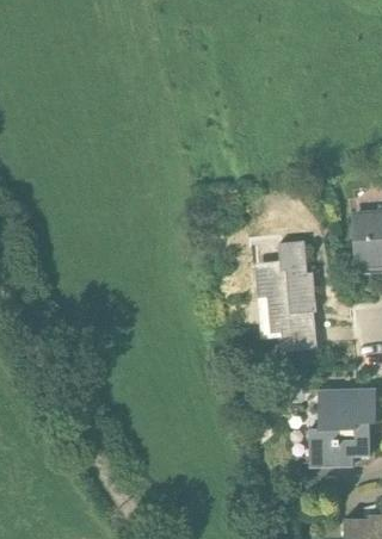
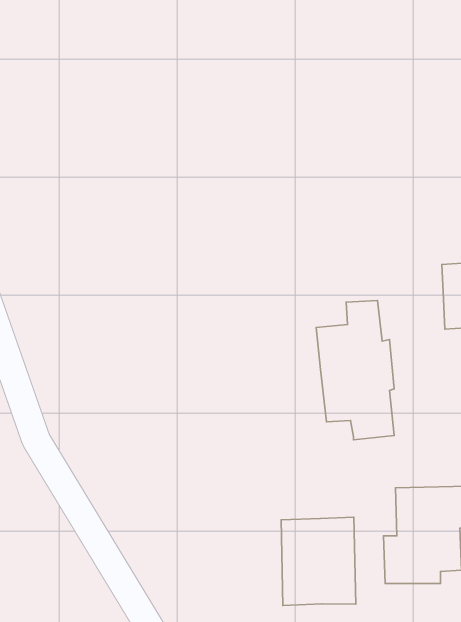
building: none -> [281,517,356,605]

